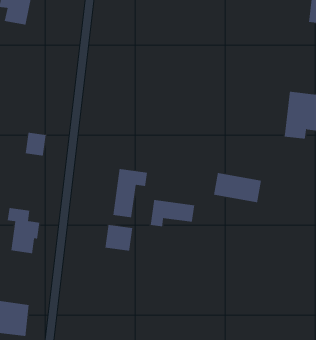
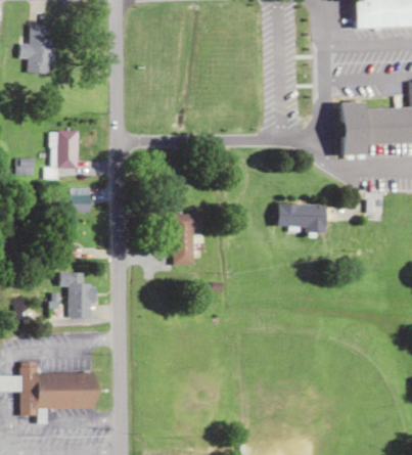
building: none -> [48,131,77,178]
building: [150,199,195,227] -> none
building: [105,224,133,252] -> none

